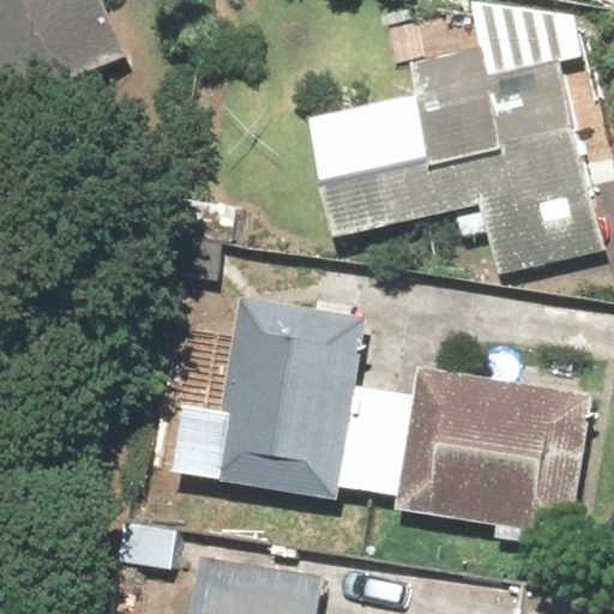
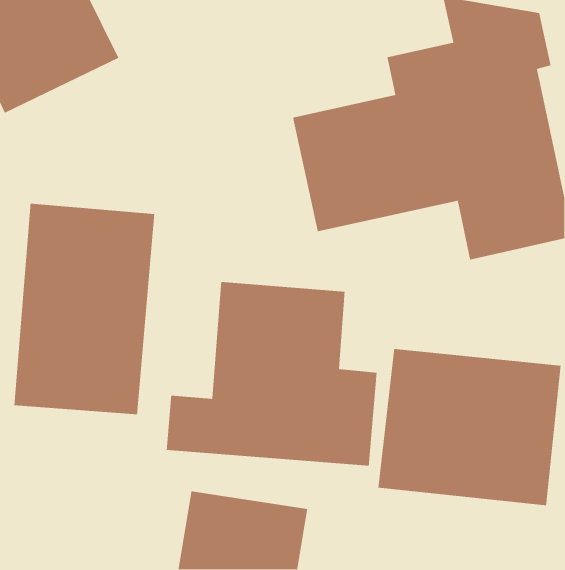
building: none -> [13,203,155,415]

